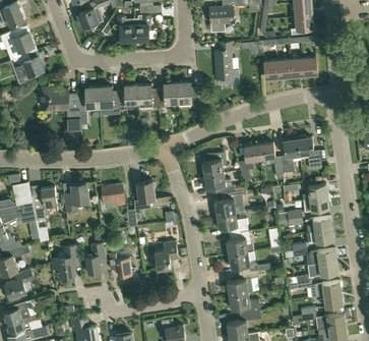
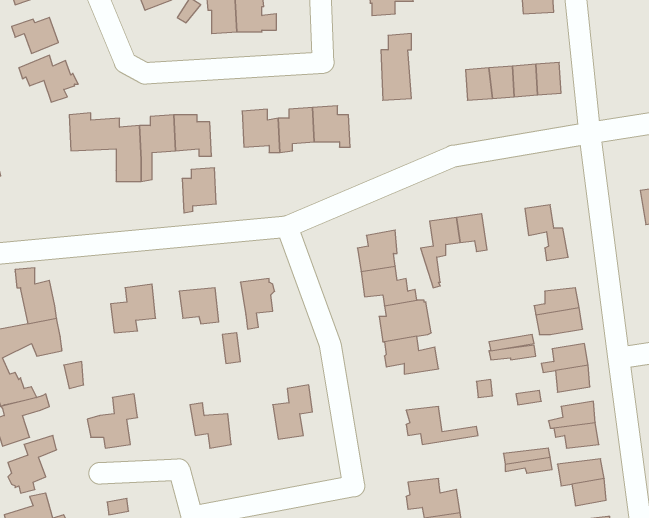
building: [119,86,138,111] -> [182,168,216,213]
building: [280,140,299,174] -> none
building: [32,187,57,220] -> none
building: [225,231,250,255] -> none
building: [85,243,105,272] -> none
building: [227,271,259,296] -> none

